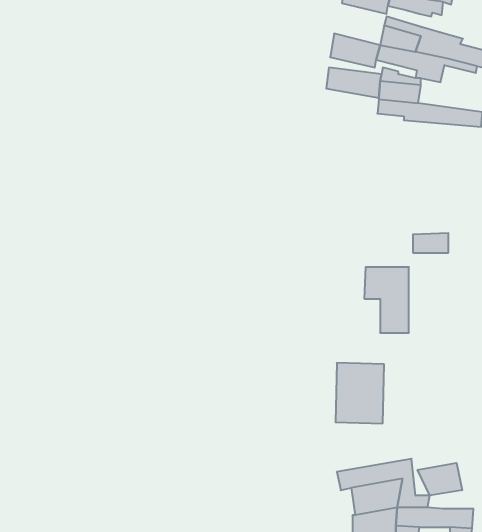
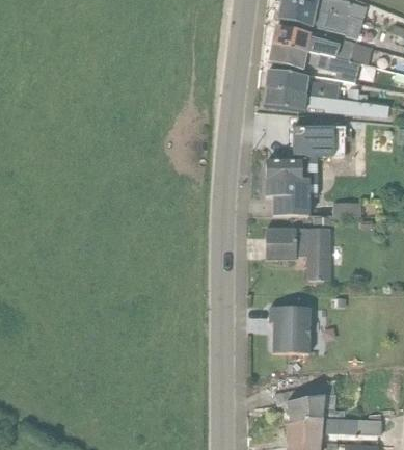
building: none -> [271,25,312,53]
building: none -> [263,87,306,112]
building: none -> [265,126,344,215]
building: none -> [265,229,296,261]
building: [418,463,462,496] -> none

